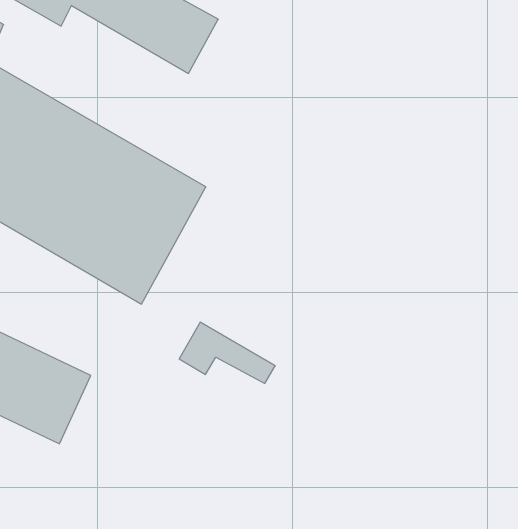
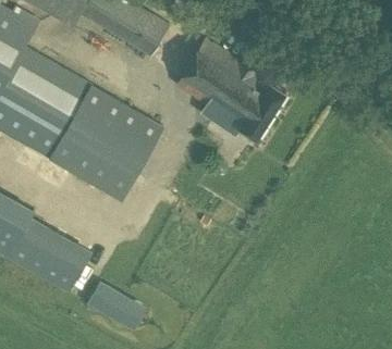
building: none -> [176,39,286,137]
building: [179,322,275,383] -> [87,281,147,319]

